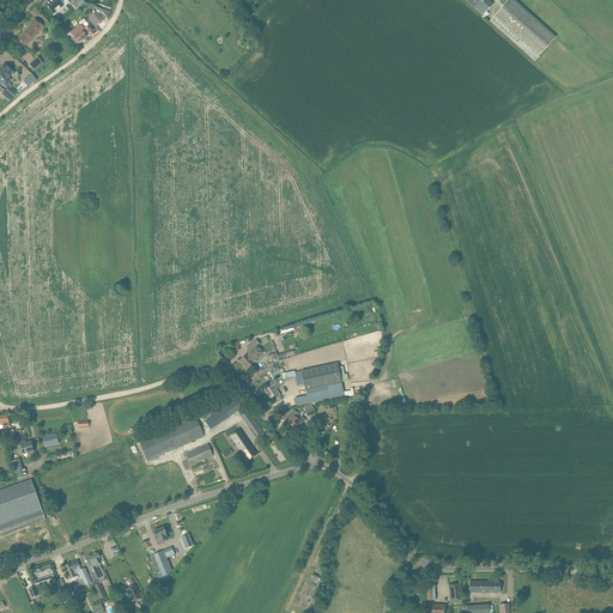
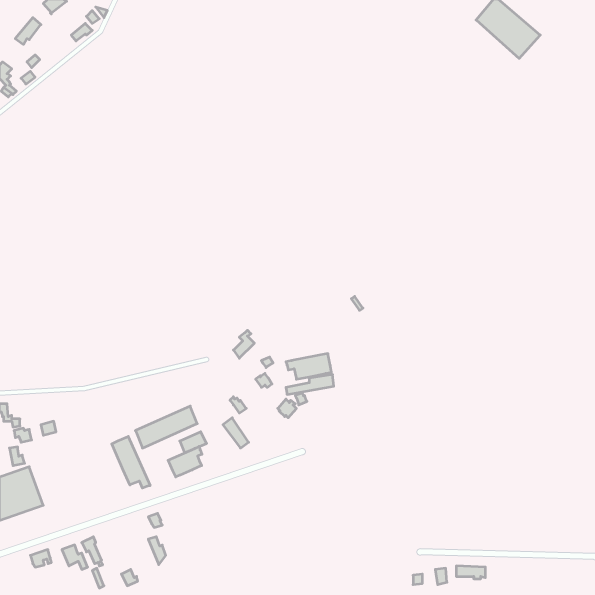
building: none -> [112,436,150,488]
building: none -> [168,446,202,477]

